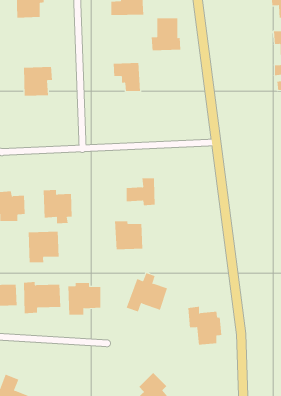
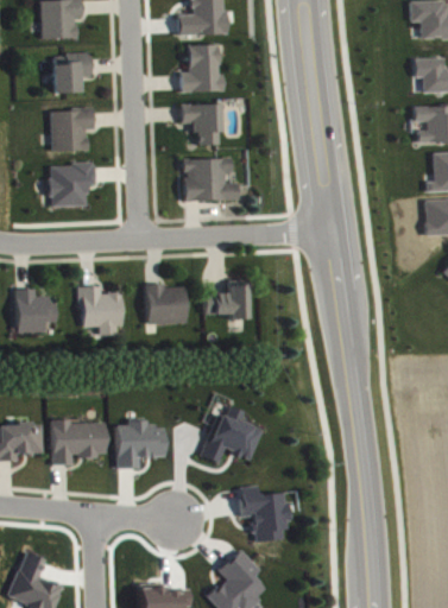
building: [151,18,181,51] -> [179,45,223,93]
building: none -> [52,53,92,93]
building: none -> [183,158,238,201]
building: none -> [49,164,94,207]
building: [114,221,143,250] -> [145,284,187,325]
building: [28,231,59,263] -> none
building: [187,306,222,345] -> [239,486,289,542]

